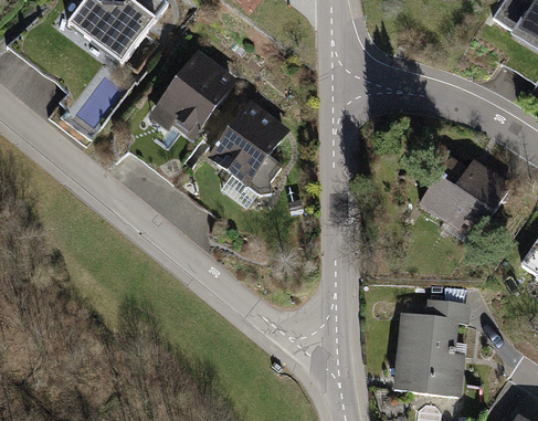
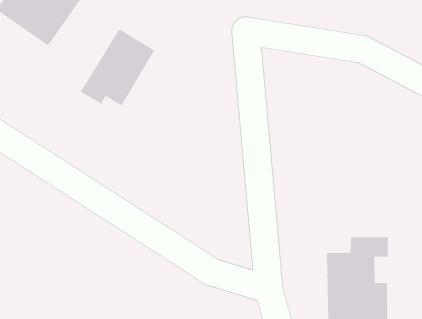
building: [208,98,291,185] -> none
building: [418,155,510,228] -> none

